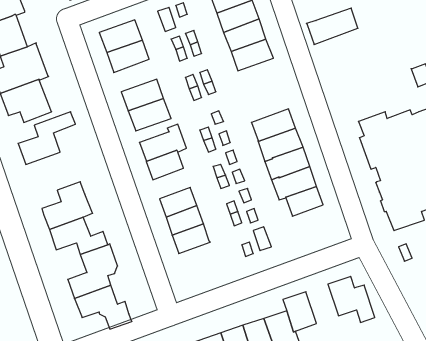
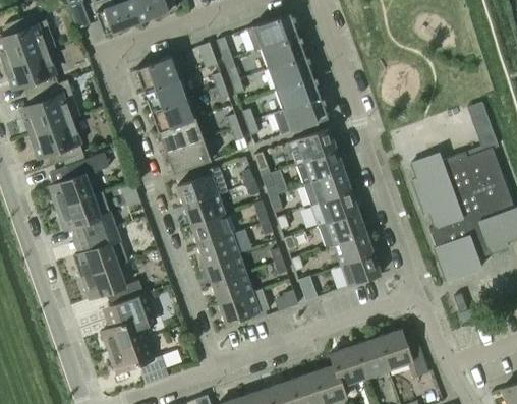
building: [306,8,358,45] -> [272,97,327,135]
building: none -> [150,98,195,132]
building: none -> [288,129,336,165]
building: none -> [56,193,114,237]
building: none -> [191,214,231,246]
building: none -> [340,252,381,287]
building: none -> [219,288,269,325]
building: none -> [354,337,389,379]

